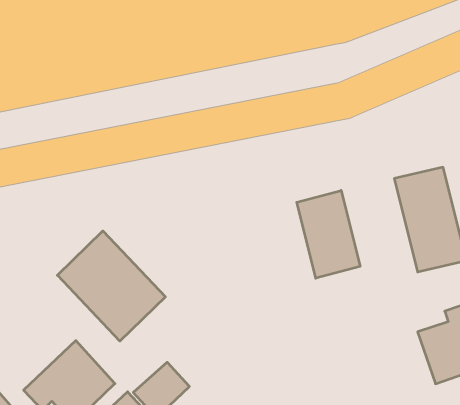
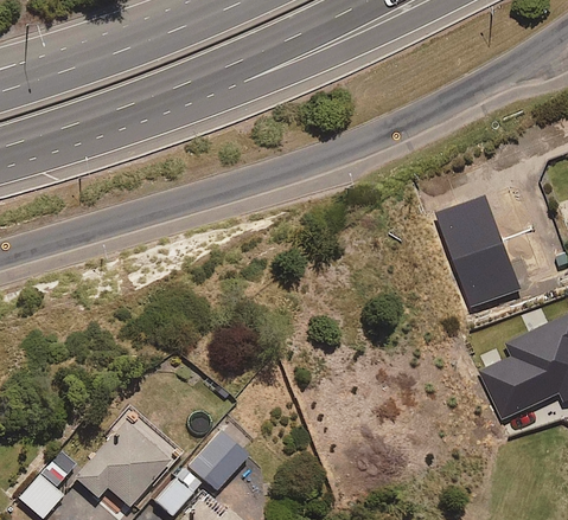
building: [297,190,360,278] -> none
building: [57,231,165,341] -> none

